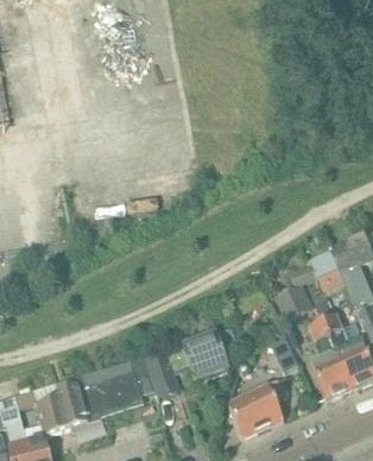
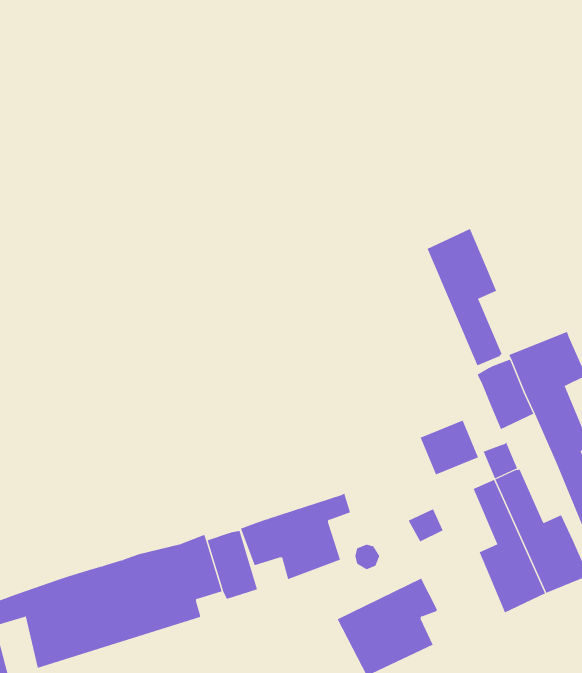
building: none -> [427,228,502,366]

